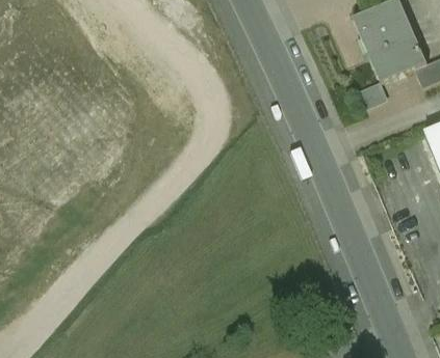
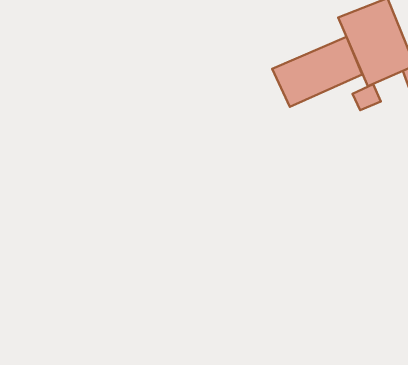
building: none -> [272,37,362,107]

